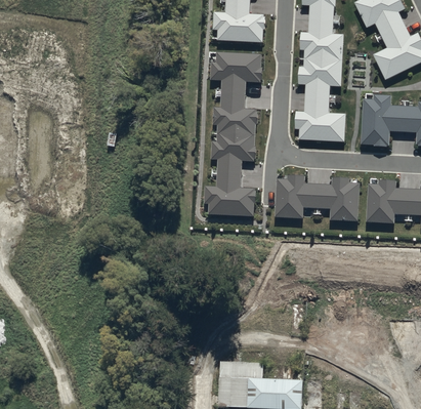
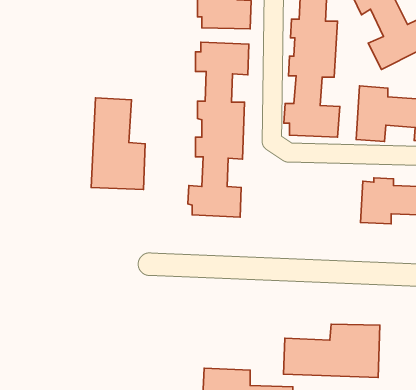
building: none -> [91,98,145,190]
building: [275,175,361,221] -> none
building: none -> [283,324,380,378]

